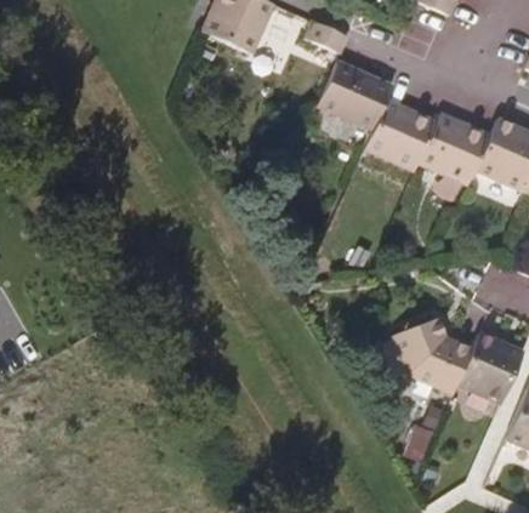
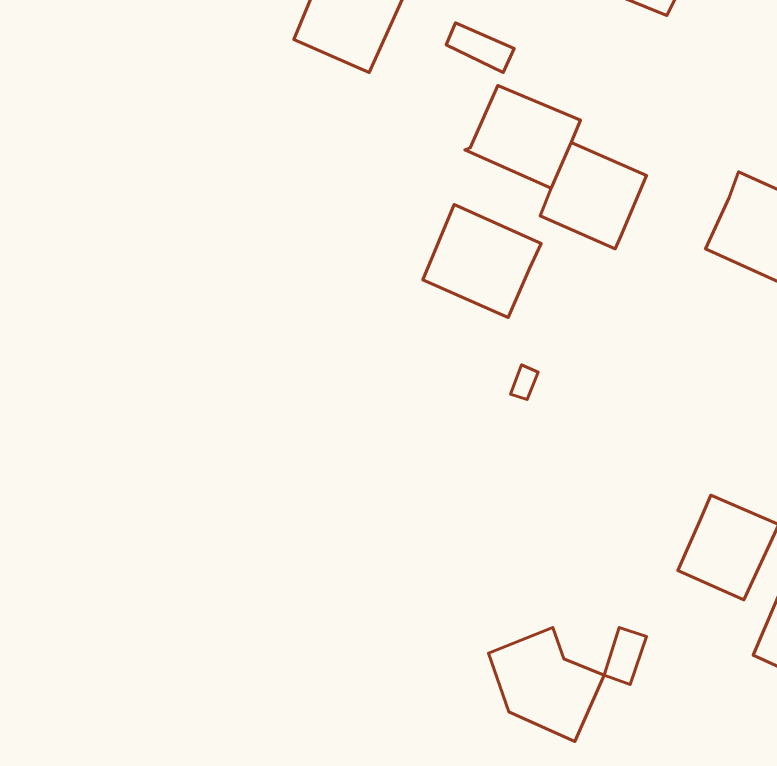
building: [419,113,490,183] -> none
building: none -> [423,204,541,317]
building: [394,317,471,392] -> [489,627,604,741]

